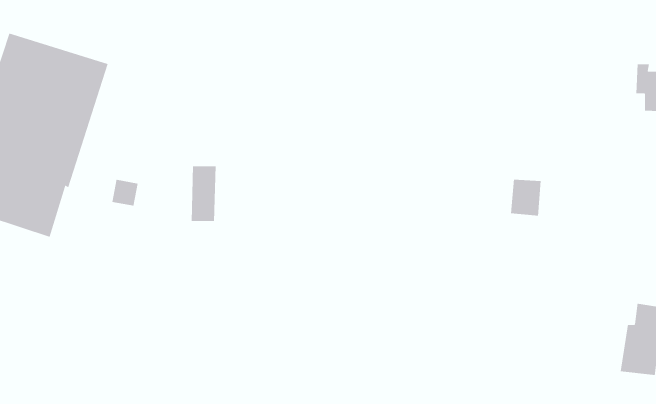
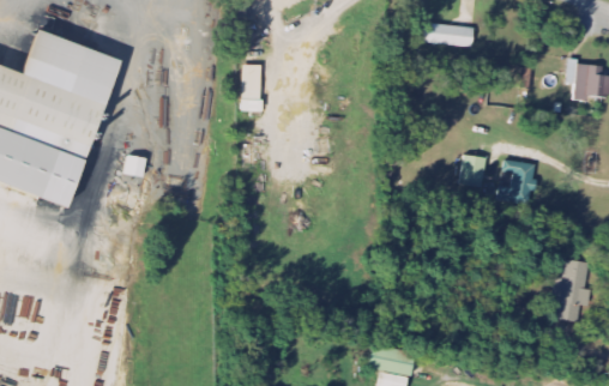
building: none -> [421,24,472,47]
building: [191,166,216,221] -> [240,65,261,111]
building: none -> [498,161,535,205]

